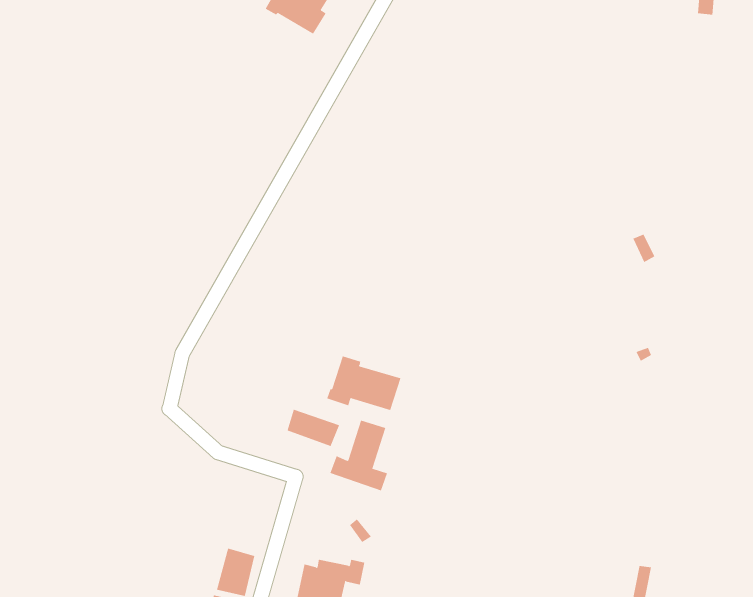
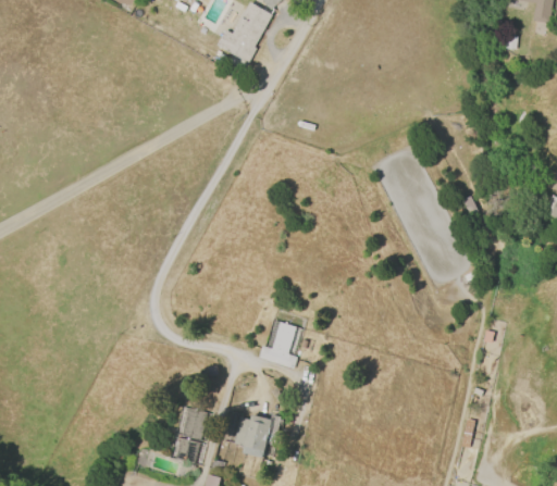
building: [327,356,401,411] -> none
building: [287,409,340,447] -> none

